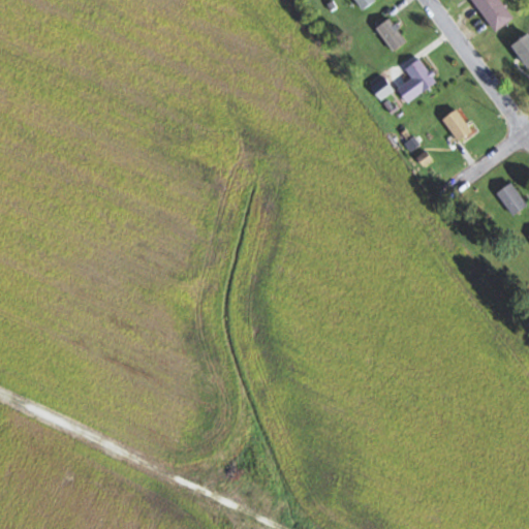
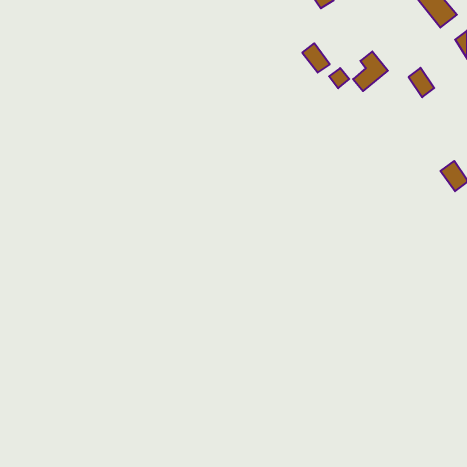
building: [375,18,406,51] -> [302,43,330,73]
building: [442,108,471,142] -> [409,68,434,97]

